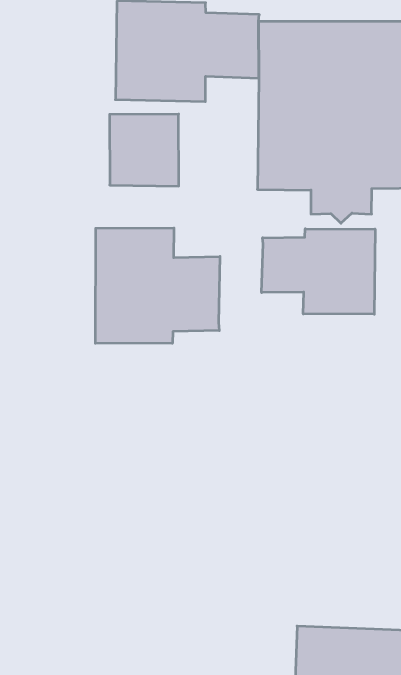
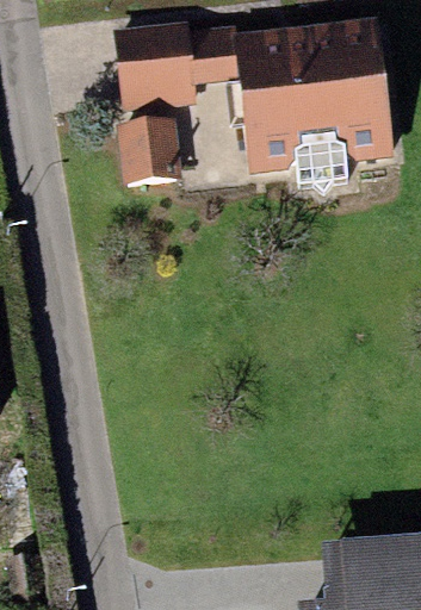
building: [95,228,220,343] -> none
building: [262,229,375,314] -> none

